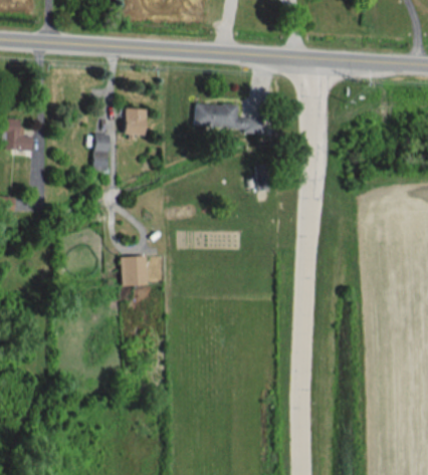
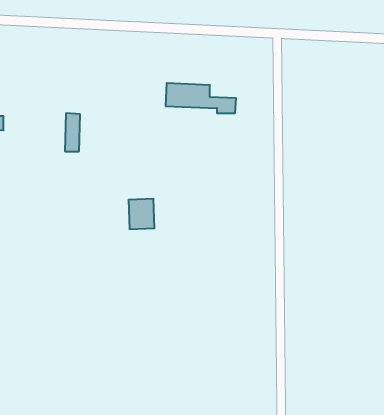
building: [125,107,147,134] -> none
building: [122,255,148,285] -> [128,199,155,229]

